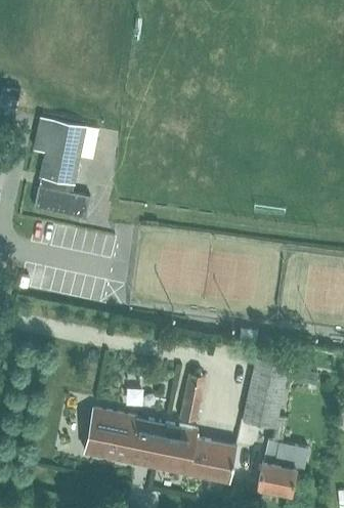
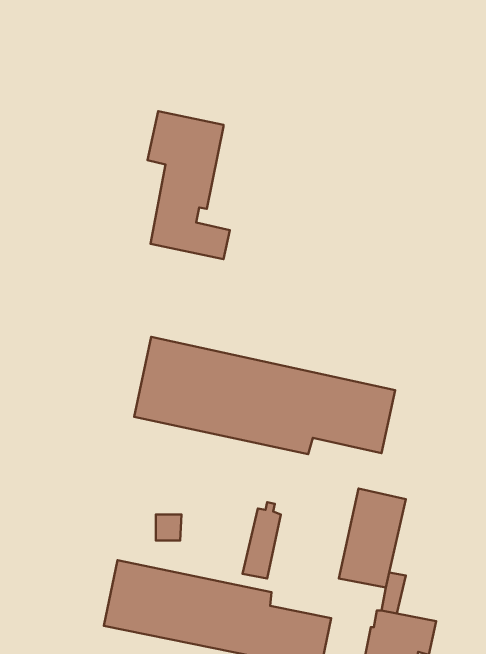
building: [34,118,89,217] -> [147,111,230,259]
building: none -> [134,337,395,454]

